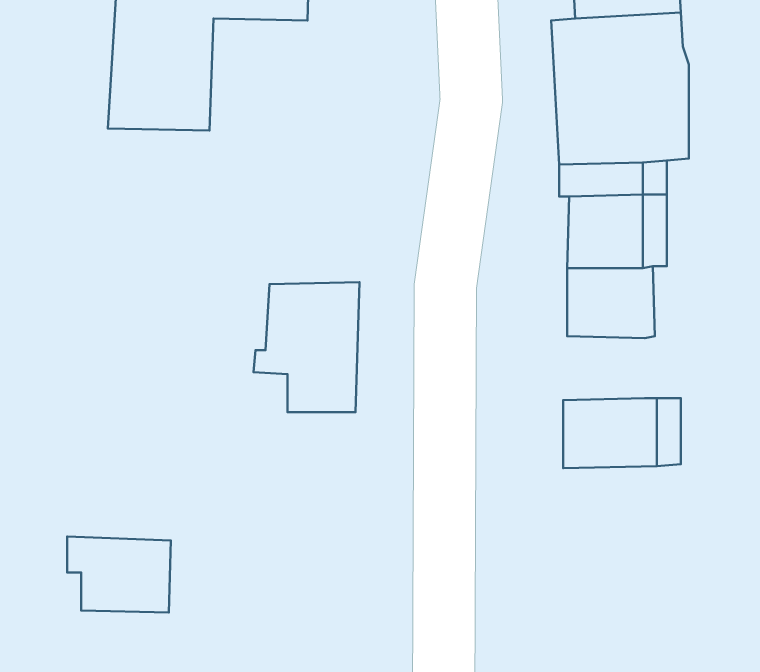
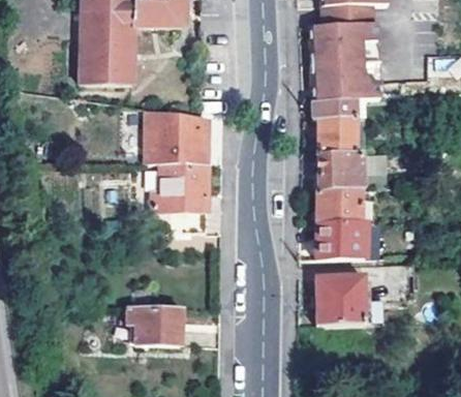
building: none -> [145,108,209,163]
building: none -> [314,190,357,223]
building: none -> [316,276,390,325]
building: [67,537,171,613] -> [126,305,180,344]

